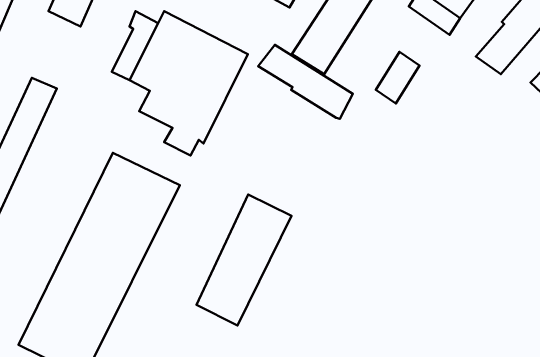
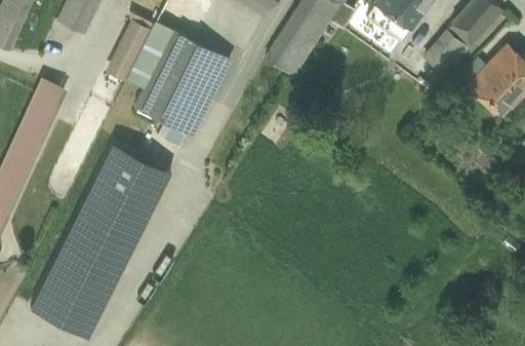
building: [258,45,353,119] -> none
building: [376,52,420,103] -> none
building: [196,194,292,325] -> none

